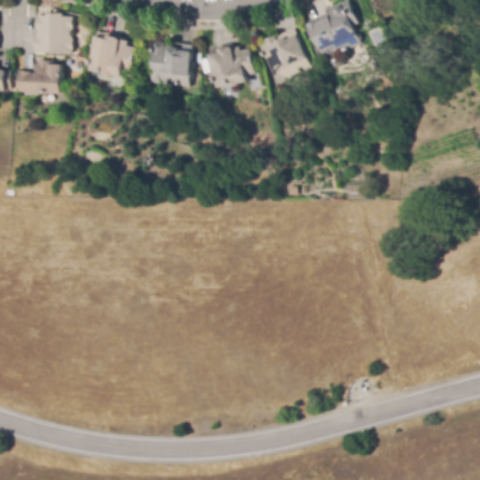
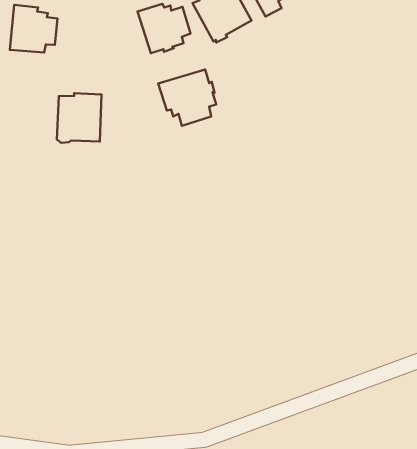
building: [145,40,191,87] -> [57,93,102,143]
building: none -> [158,70,216,126]

